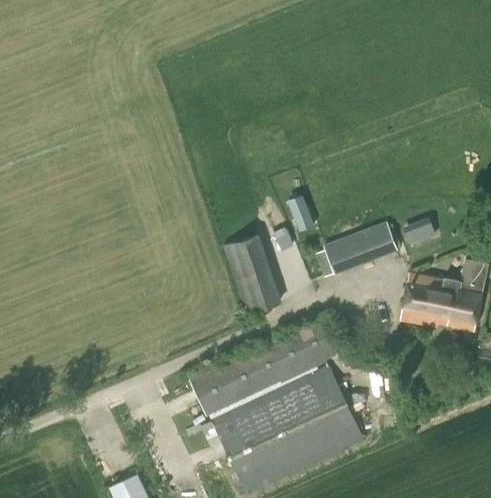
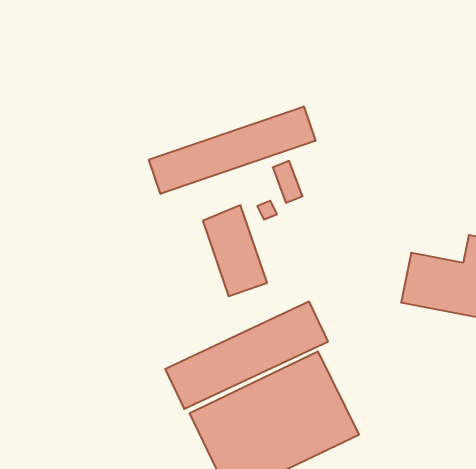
building: none -> [149,106,315,194]
building: [403,219,436,246] -> none
building: [316,223,397,278] -> none

